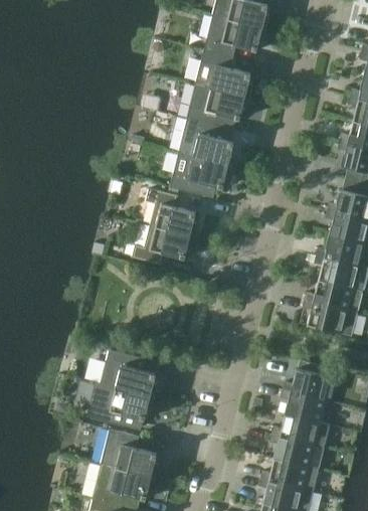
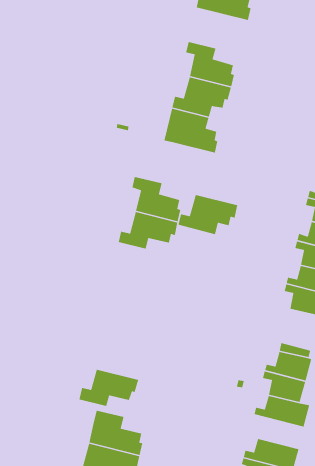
building: [203,15,265,56] -> none
building: [169,154,231,196] -> [178,194,238,235]
building: [100,349,156,397] -> none
building: [268,434,323,469] -> none

